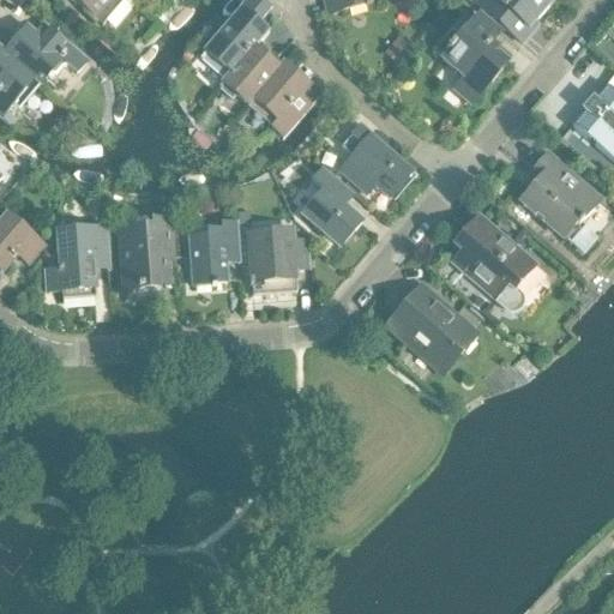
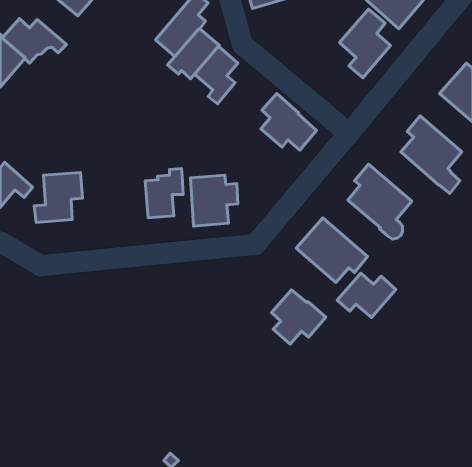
building: [301,164,362,243] -> none
building: [119,217,173,288] -> none
building: none -> [337,273,396,317]
building: none -> [271,290,326,344]

